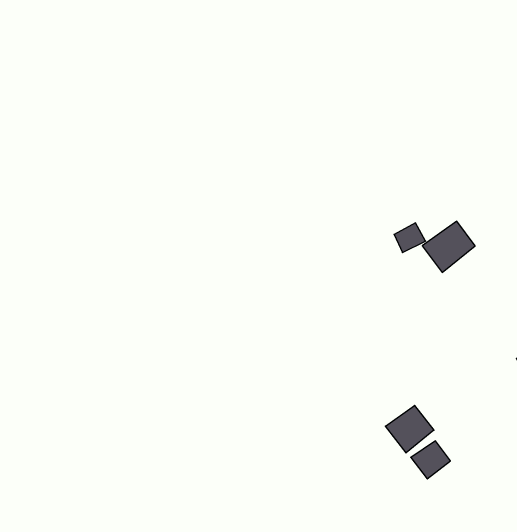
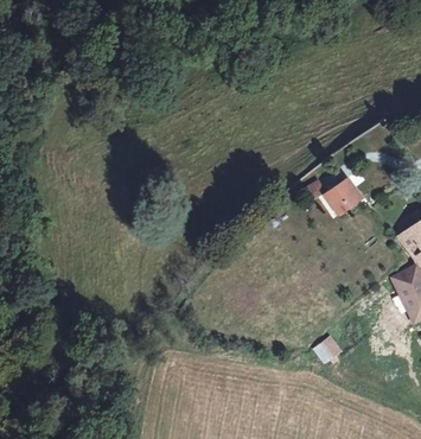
building: [385,405,434,453] -> none

